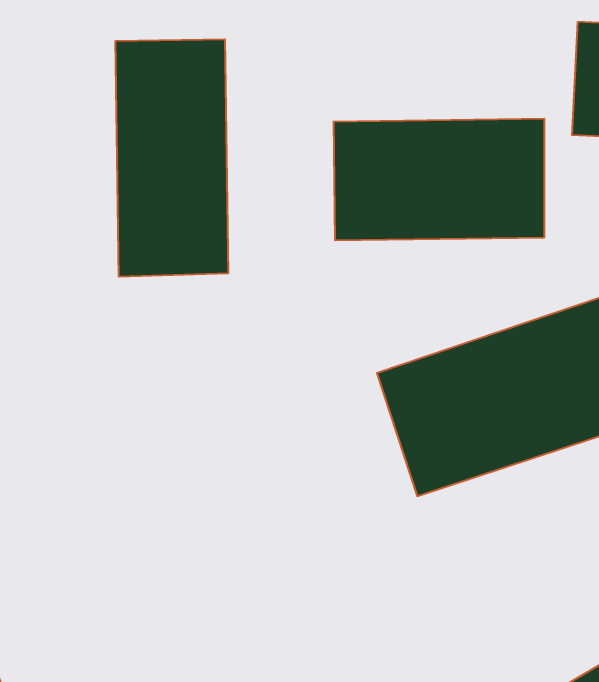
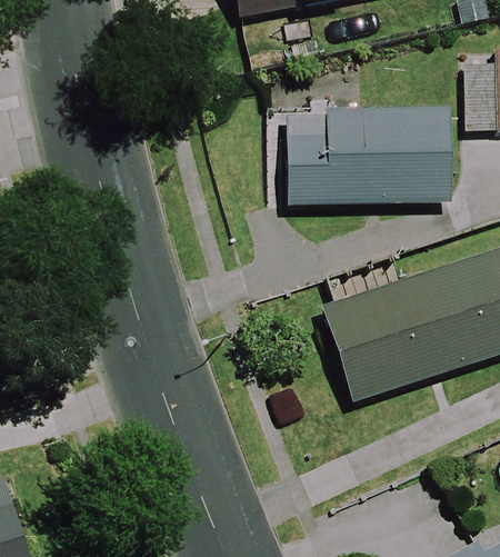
building: [116,39,228,277] -> none

